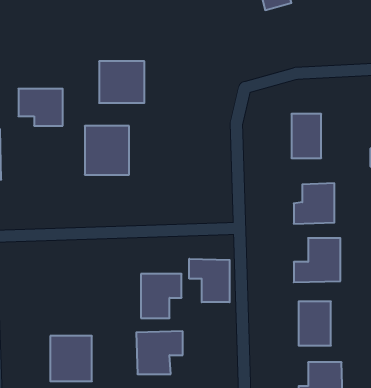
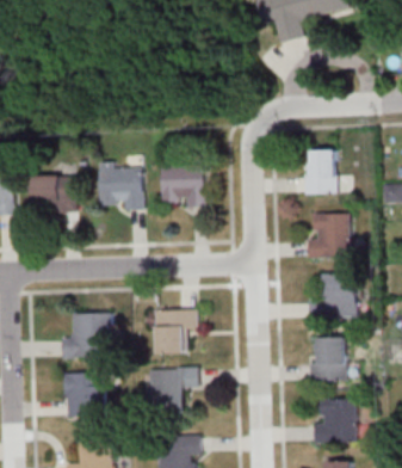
building: [99,61,144,103] -> [160,165,205,207]
building: [18,89,63,126] -> [32,176,76,213]
building: [189,259,230,302] -> none
building: none -> [62,313,111,357]

